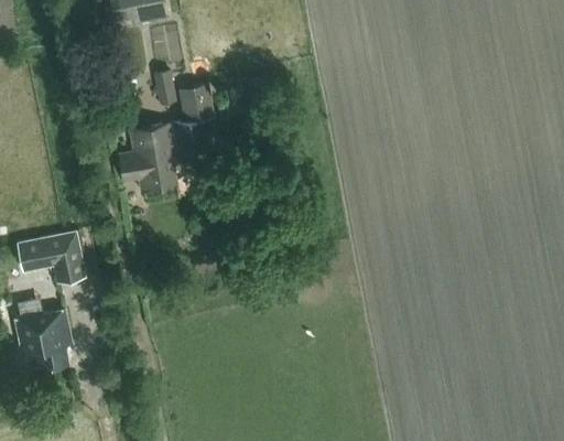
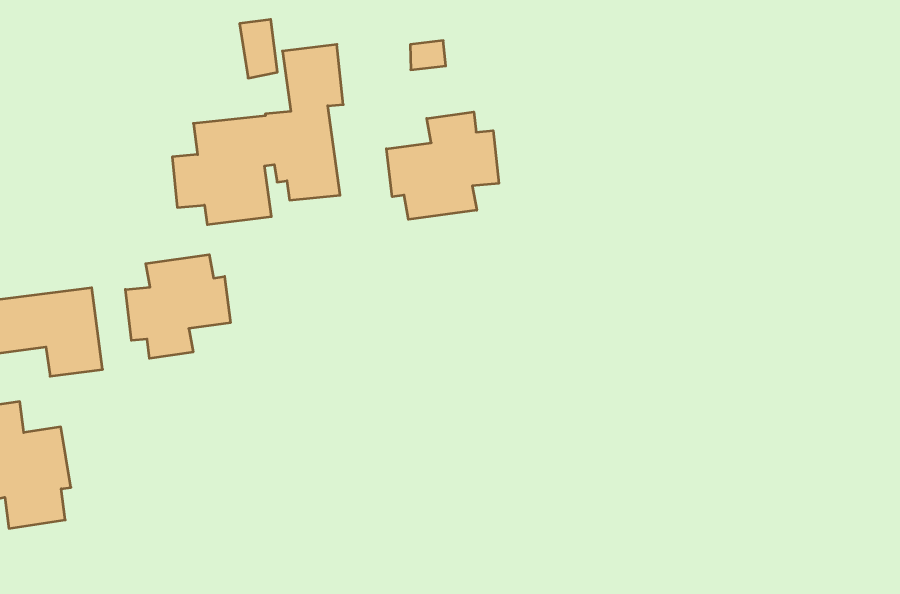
building: none -> [386,112,499,219]
building: none -> [125,255,230,358]

